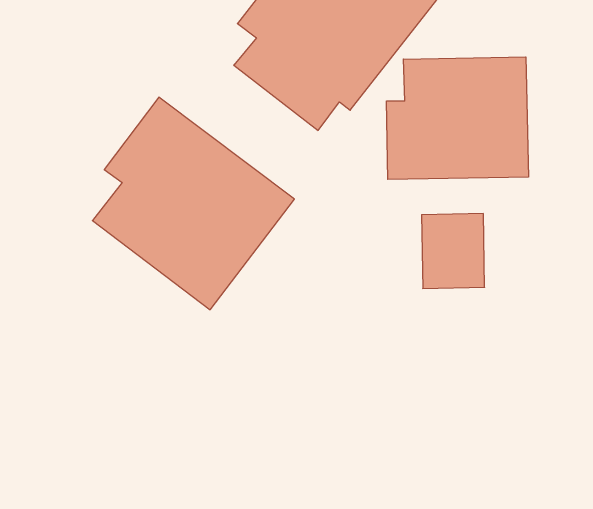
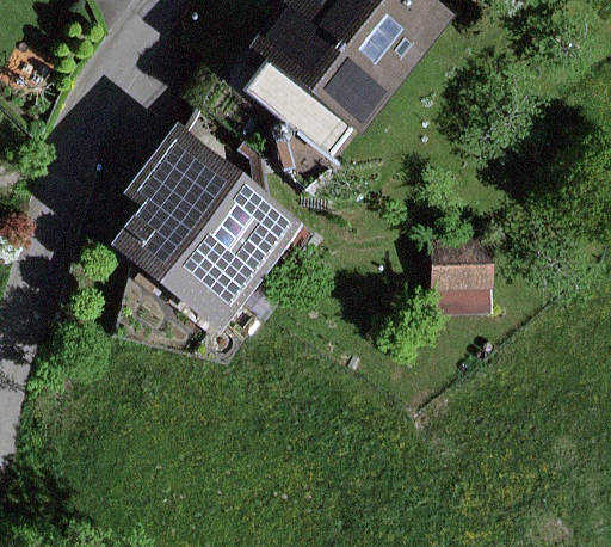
building: [387,57,528,179] -> none

